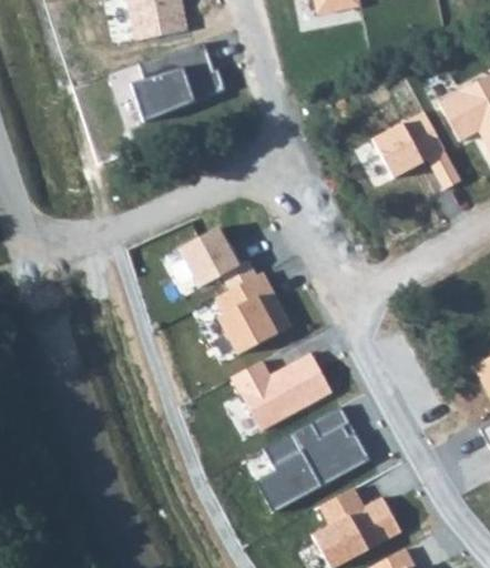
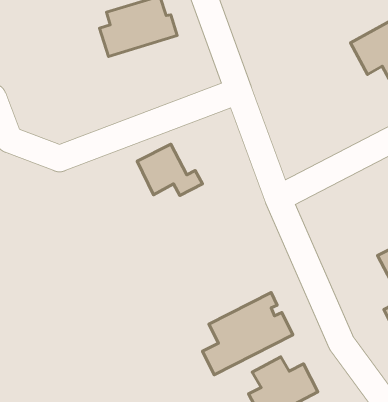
building: [371,109,461,189] -> none
building: [217,272,289,354] -> none
building: [232,353,331,430] -> none

